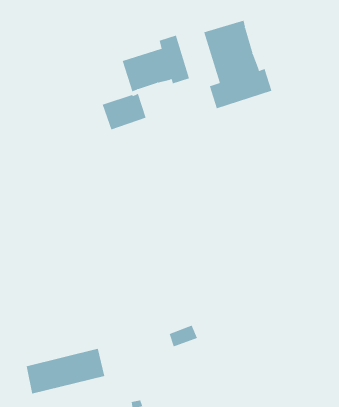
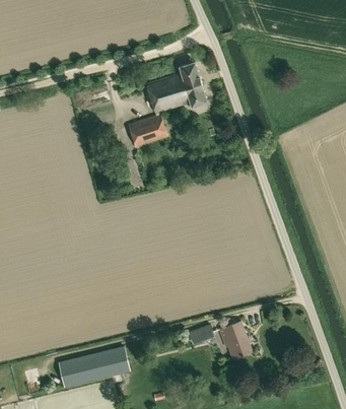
building: [203,20,272,109] -> none
building: none -> [219,322,251,357]

